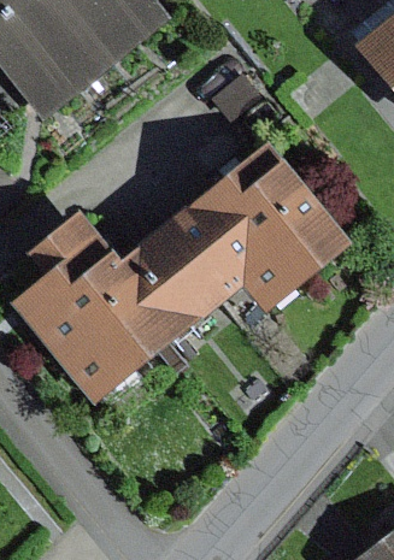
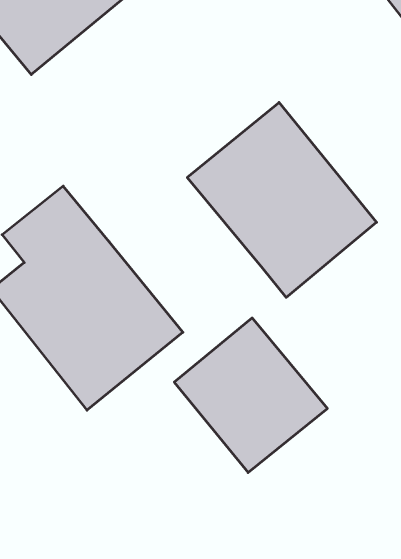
building: [116,206,248,340] -> [174,318,327,473]

